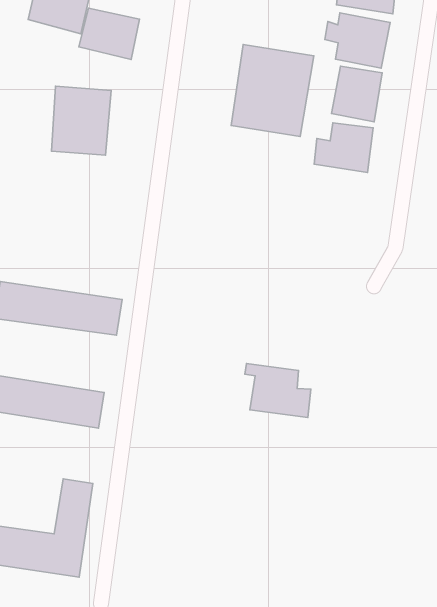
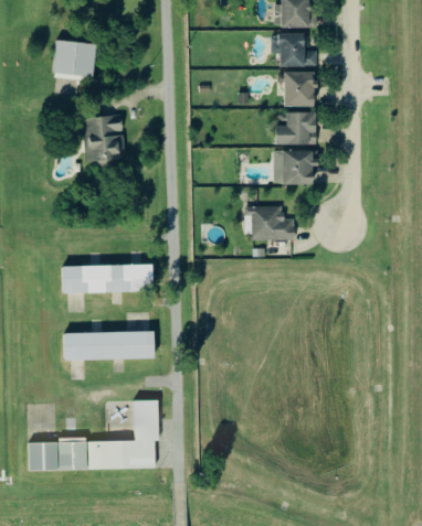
building: [79,8,139,60] -> none
building: [231,45,314,136] -> none
building: none -> [273,150,316,184]
building: [245,364,311,418] -> [244,206,295,240]

